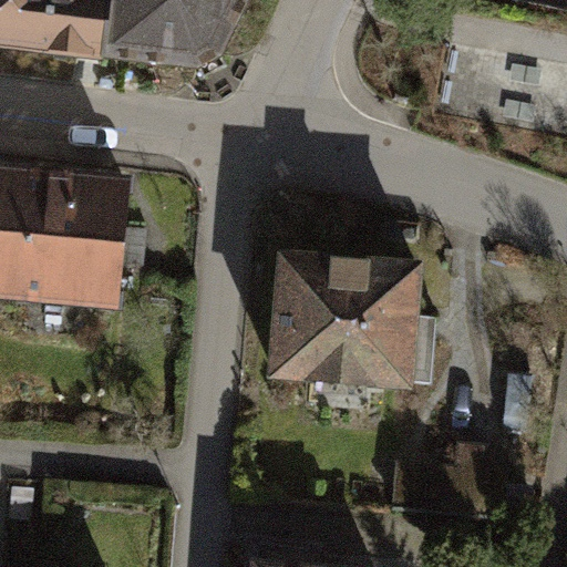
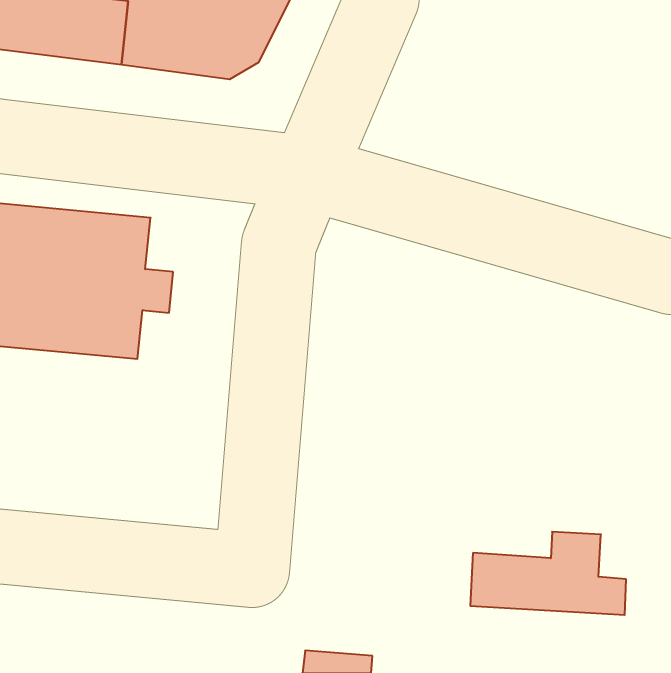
building: [272,255,416,384] -> none

